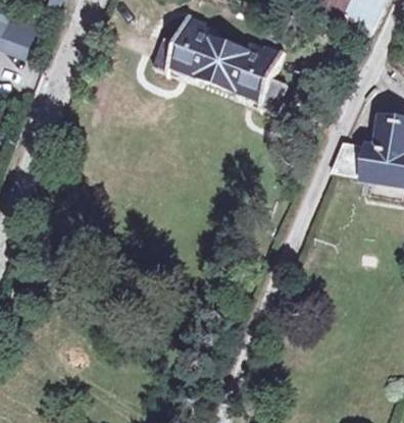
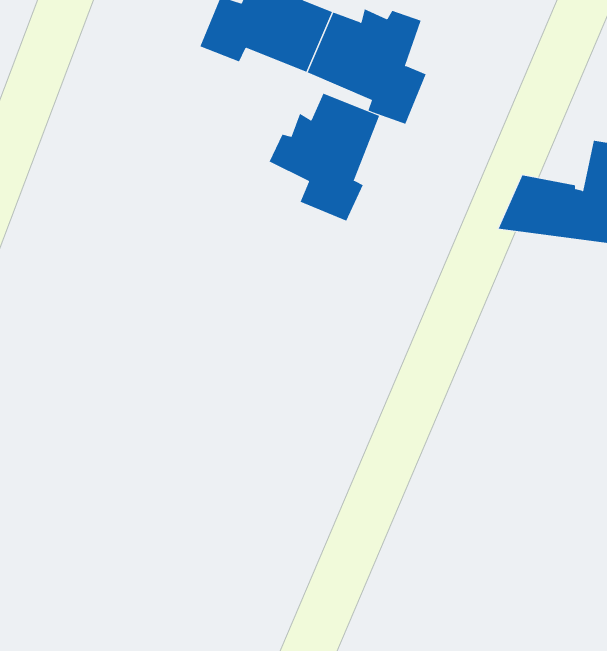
building: none -> [269,93,380,221]

